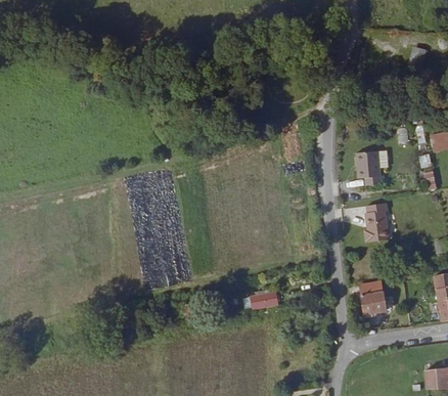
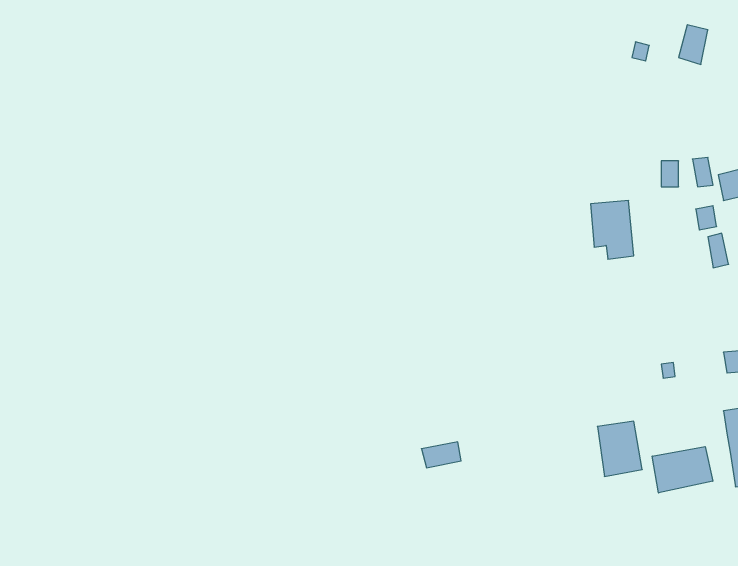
building: [364,203,390,241] -> none
building: none -> [652,447,713,493]

